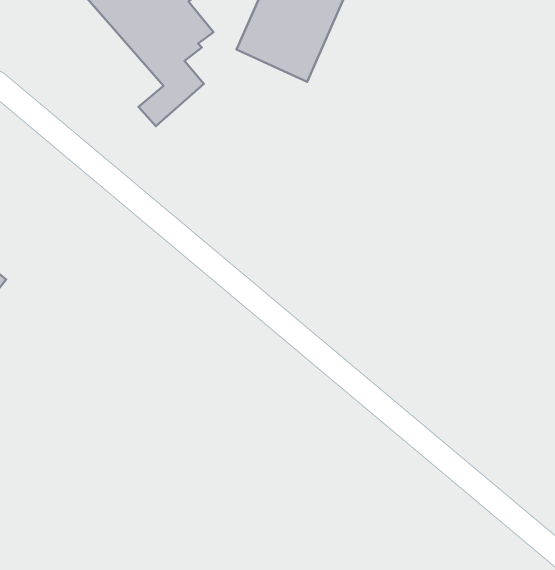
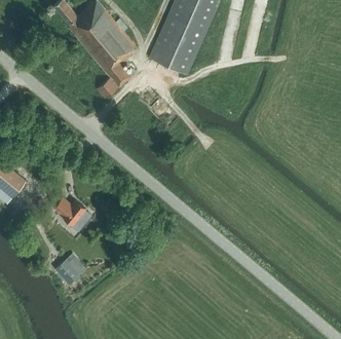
building: none -> [53,198,90,231]
building: none -> [54,254,85,285]

